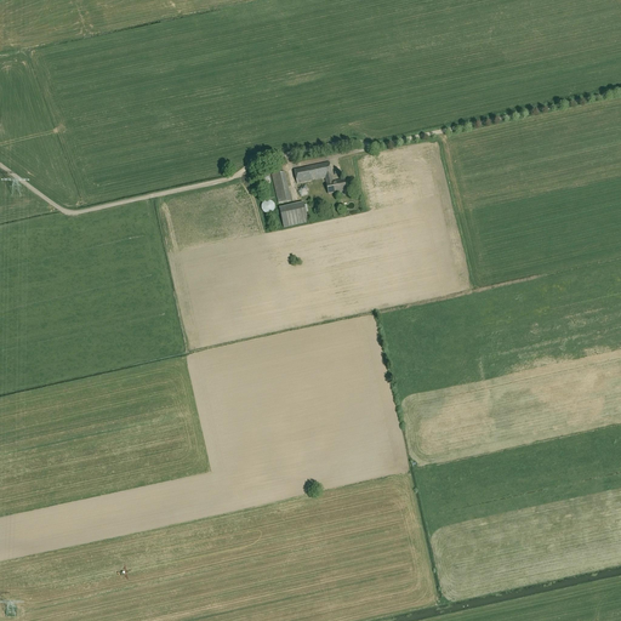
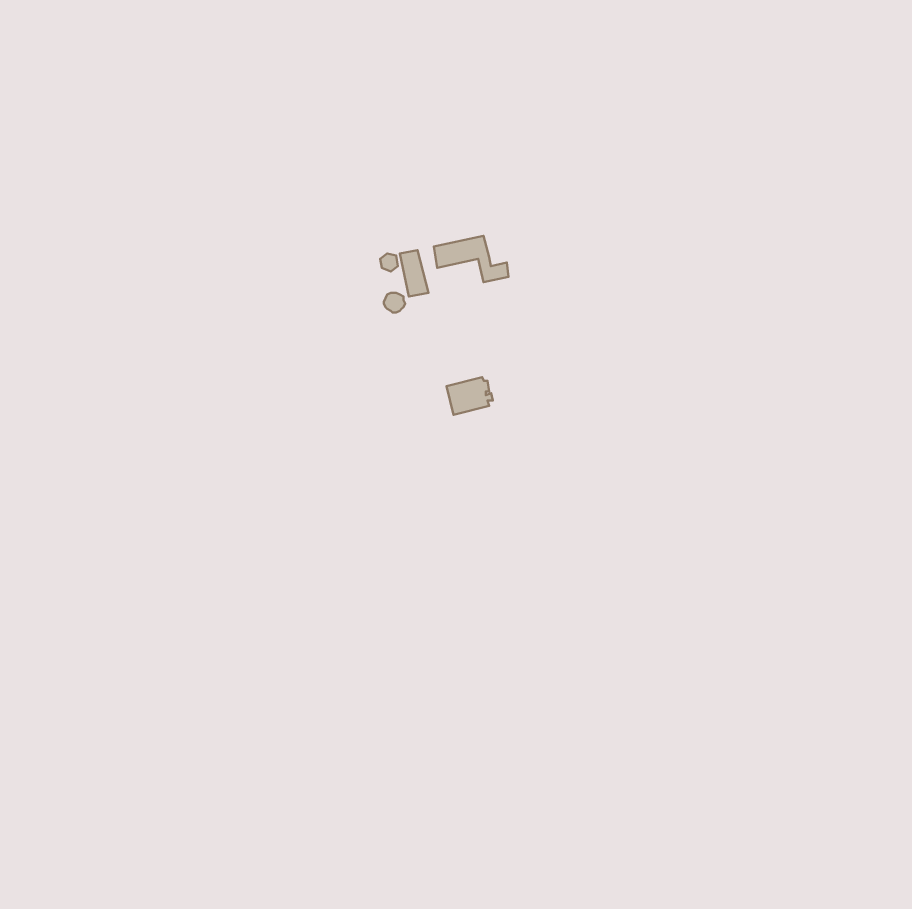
building: [279,200,310,226] -> [446,377,493,415]

